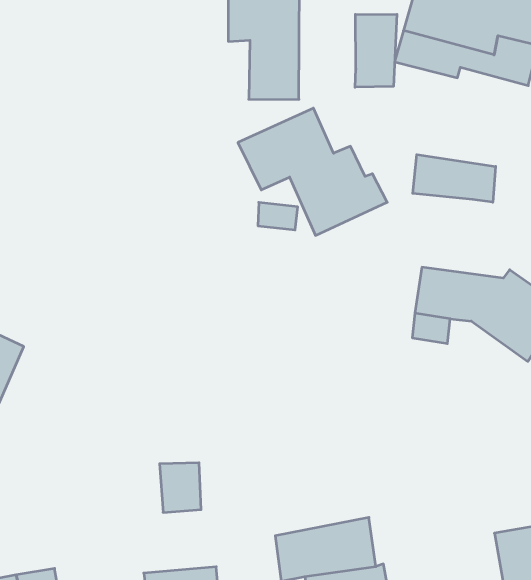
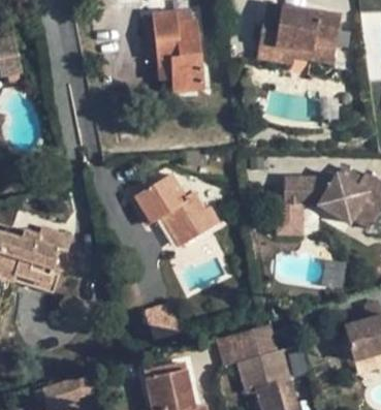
building: [355,14,397,87] -> none
building: [238,108,387,235] -> [129,174,219,247]
building: [413,155,496,202] -> none

